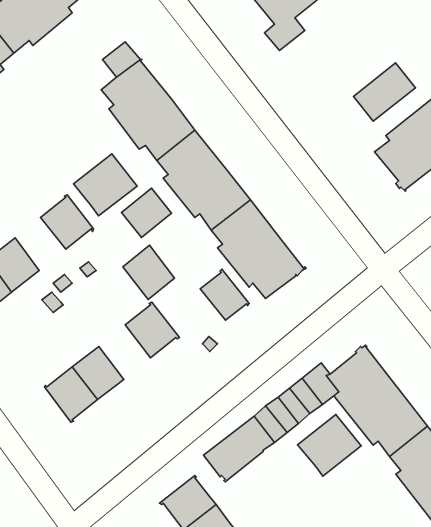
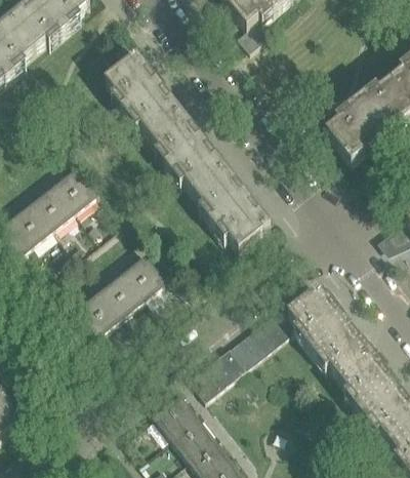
building: [353,63,415,121] -> none
building: [73,154,137,216] -> none
building: [121,188,171,237] -> none
building: none -> [34,184,75,227]
building: [123,245,175,300] -> [101,271,144,315]
building: [200,269,249,320] -> none
building: [298,414,361,476] -> none

